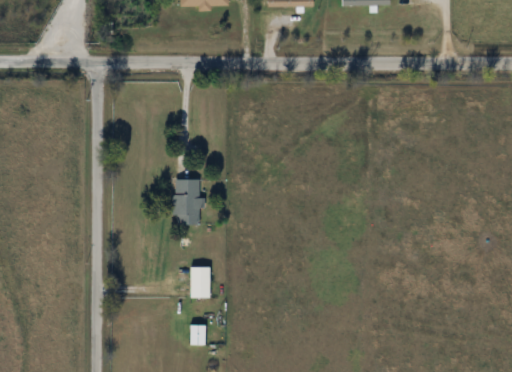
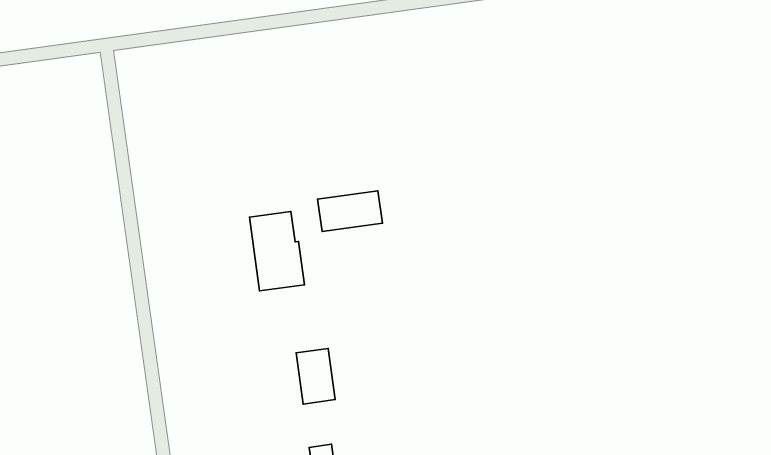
building: none -> [318,191,382,232]

